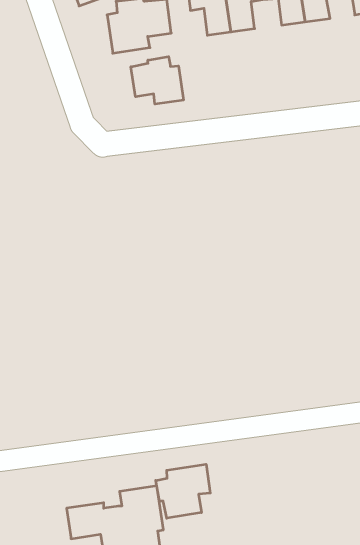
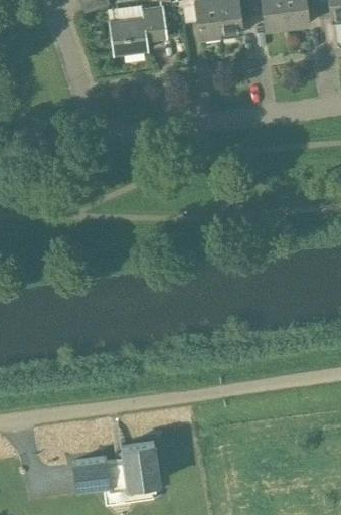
building: [131,57,183,104] -> none
building: [156,464,210,518] -> none

